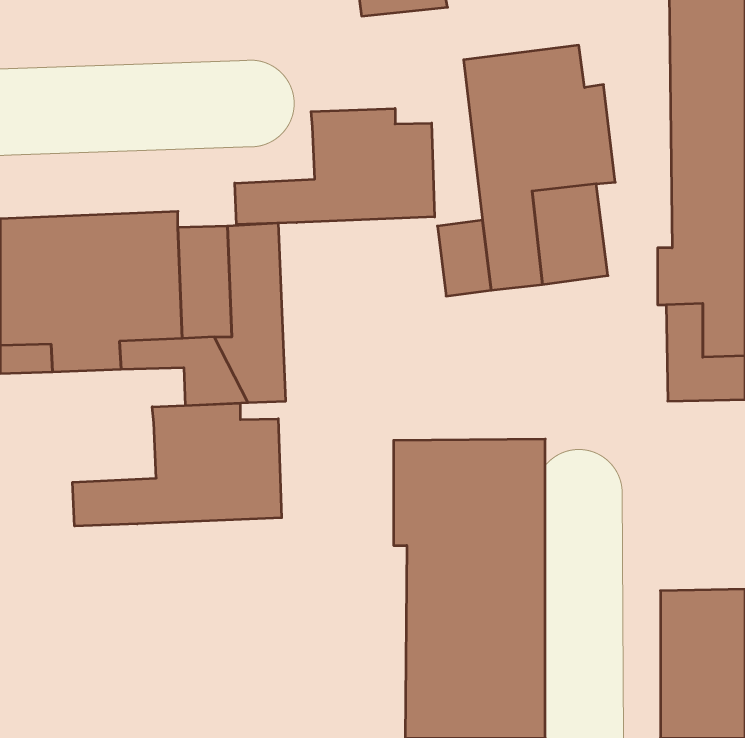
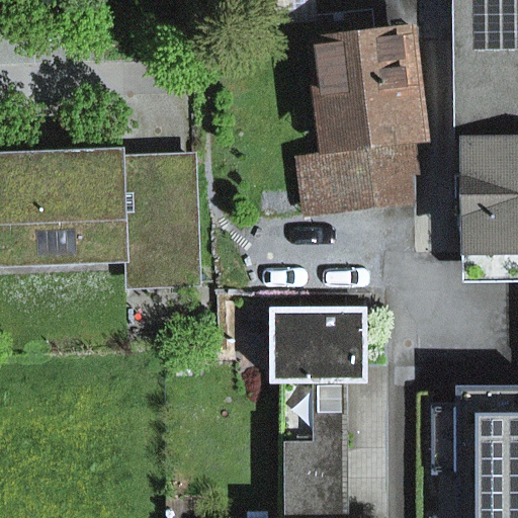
building: [235,108,435,225] -> none
building: [73,403,282,526] -> none

